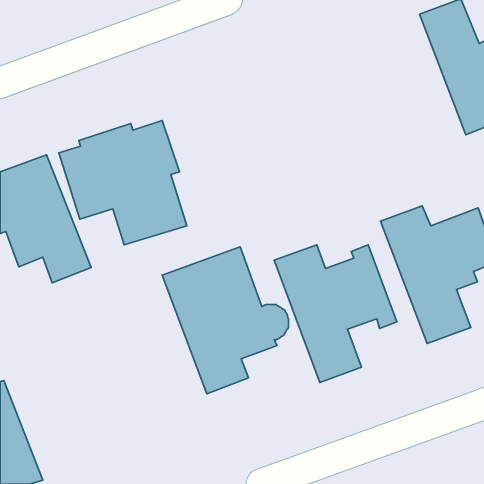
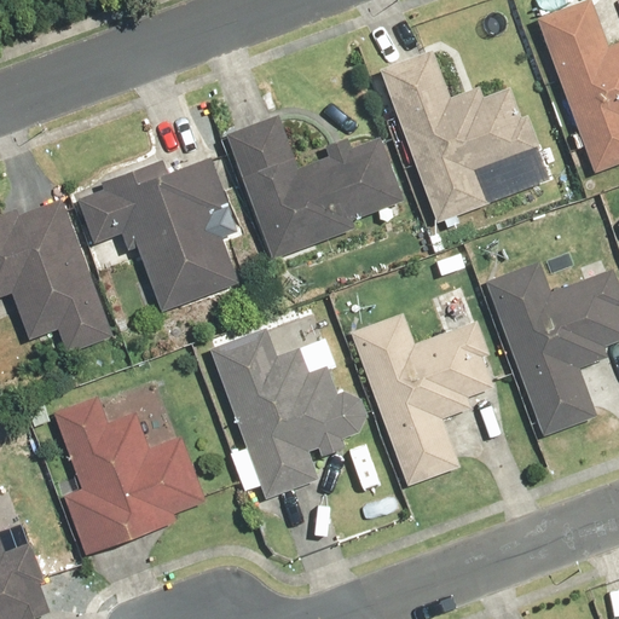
building: none -> [377,36,550,225]
building: none -> [226,115,404,262]
building: none -> [53,395,208,554]

